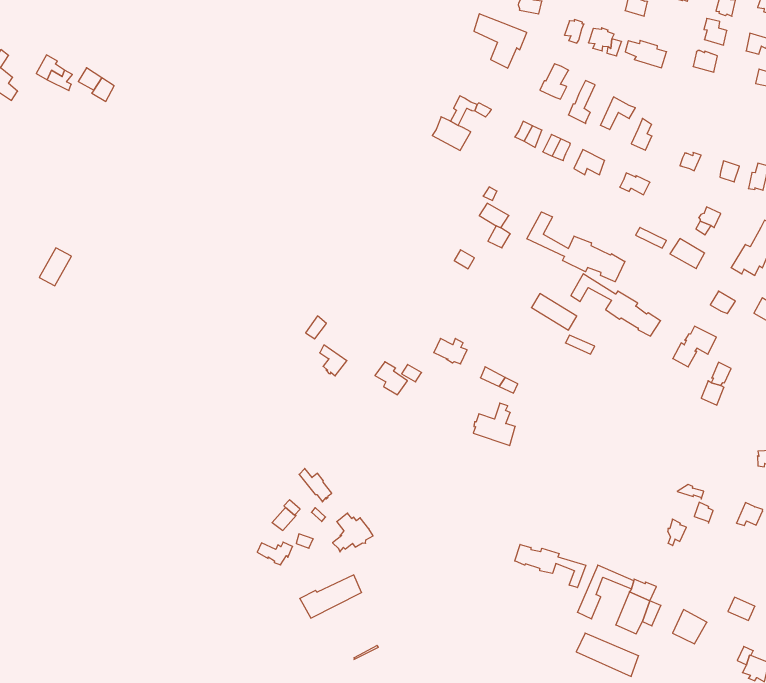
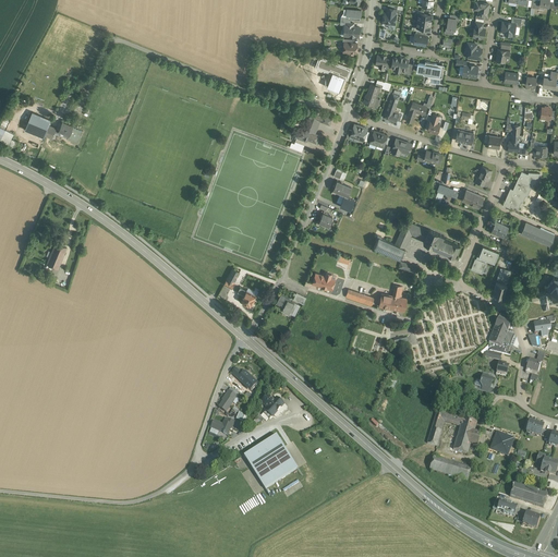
building: [527,212,625,282] -> none
building: [473,403,515,446] -> [379,284,407,312]
building: none -> [488,318,514,348]
building: [515,544,586,588] -> none
building: none -> [252,447,298,489]

